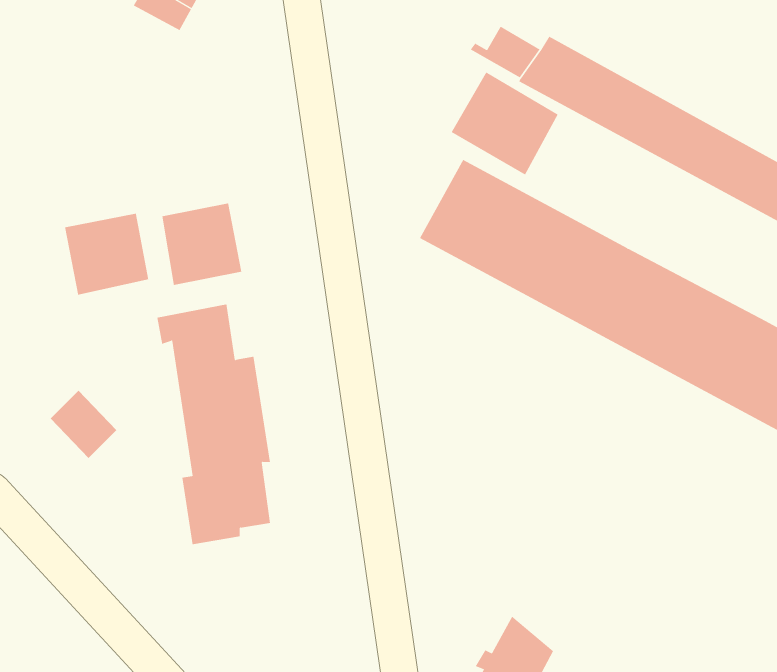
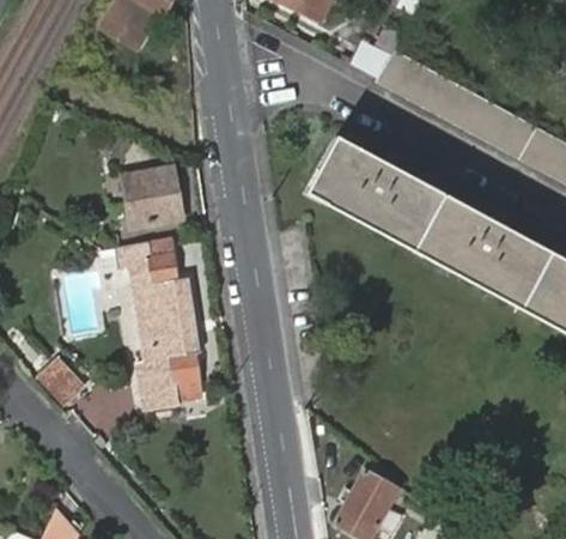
building: [451,72,559,176] -> none
building: [64,213,149,295] -> none
building: [50,390,117,459] -> [39,356,87,405]

